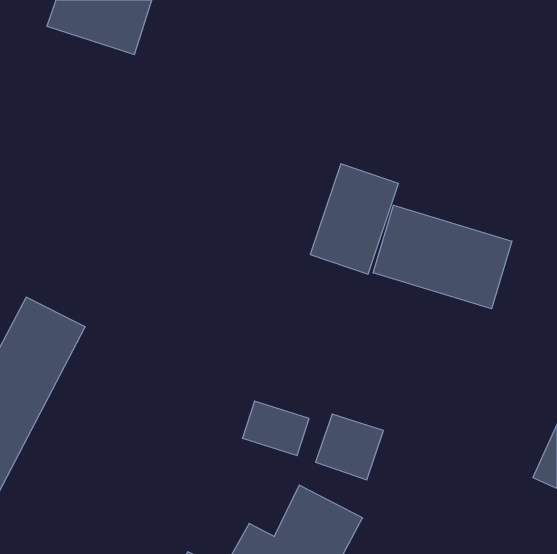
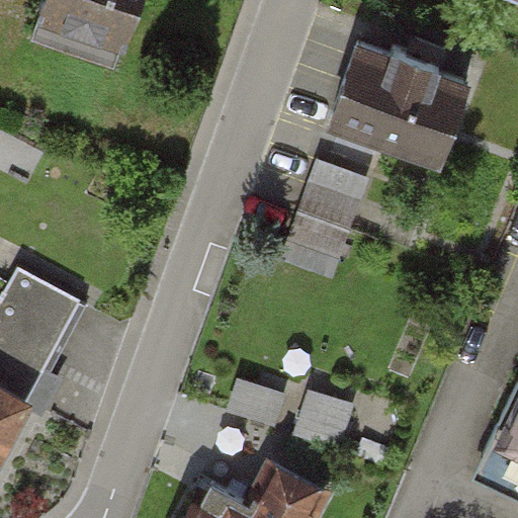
building: none -> [330,55,450,163]
building: [373,205,512,309] -> none

